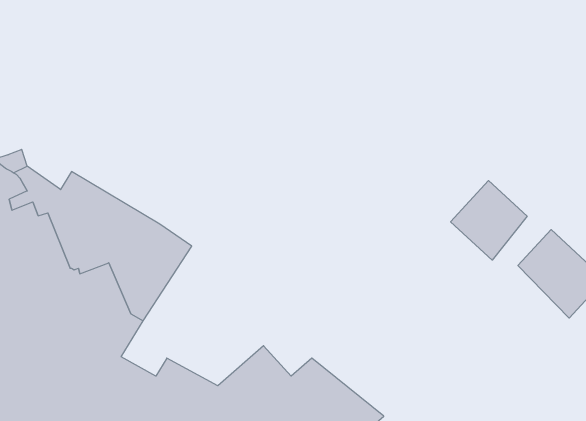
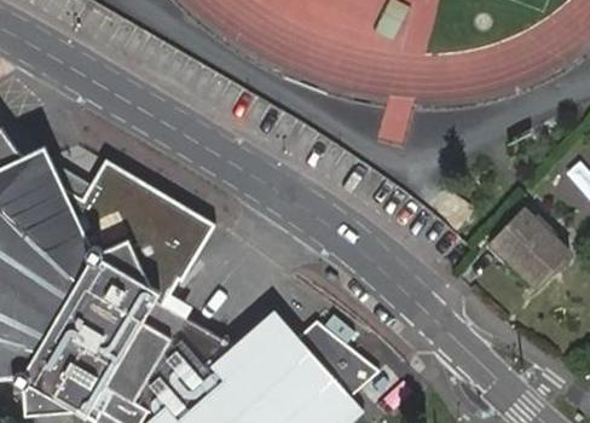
building: [451,181,527,260] -> none

